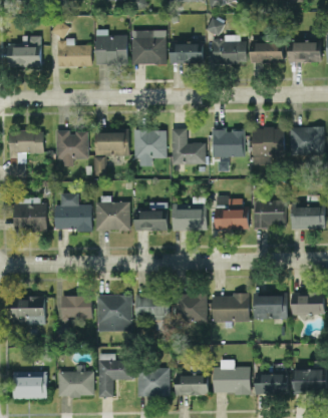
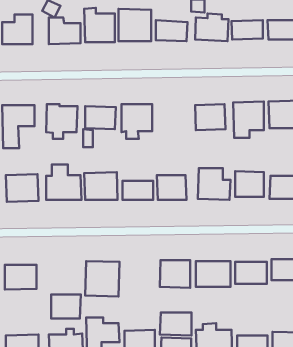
building: [172,128,206,165] -> none
building: [61,296,92,321] -> [51,295,81,318]
building: [135,297,169,321] -> [160,313,191,336]

